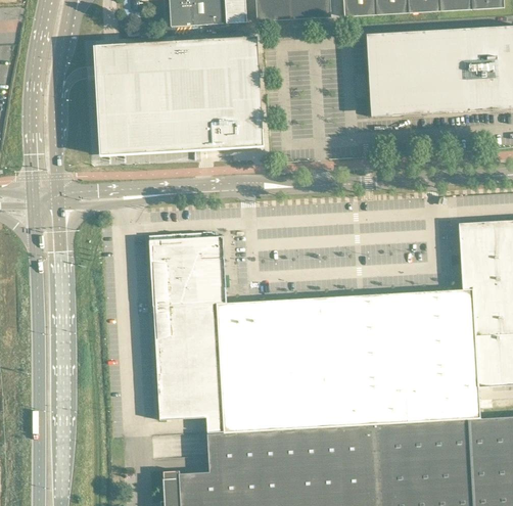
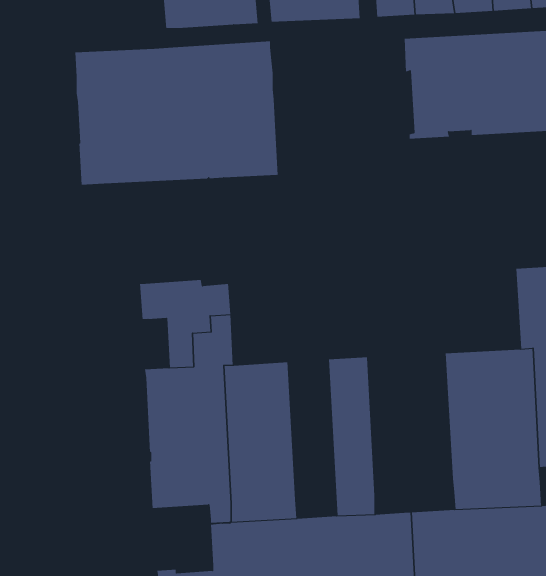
building: [151,264,174,306] -> none
building: [337,292,409,425] -> none
building: [272,297,312,428] -> none

